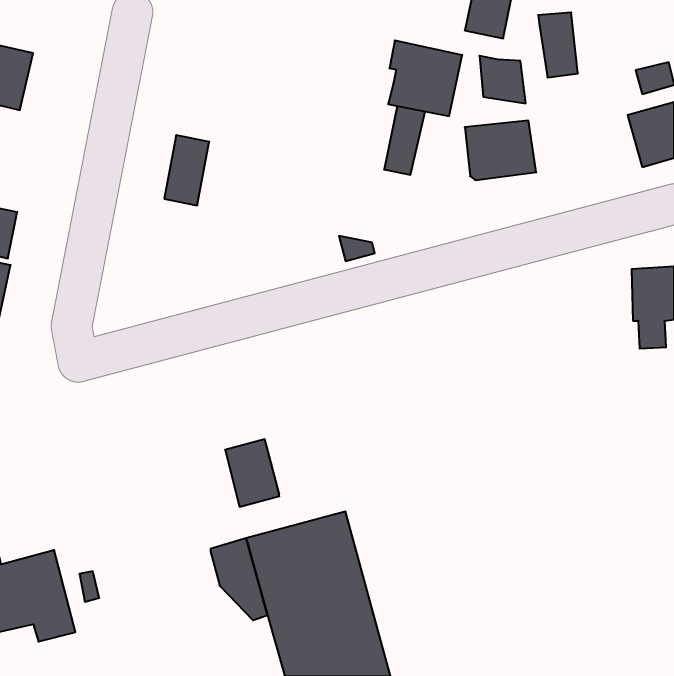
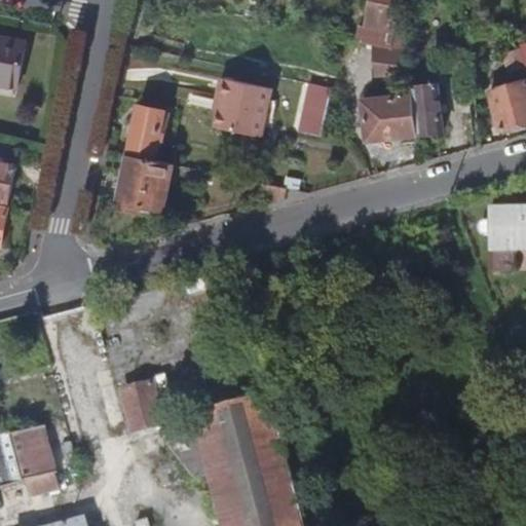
building: [538,12,578,77] -> [409,83,440,134]
building: [388,40,462,116] -> [217,76,274,135]
building: none -> [117,154,171,210]
building: [225,439,279,507] -> [121,383,163,436]

